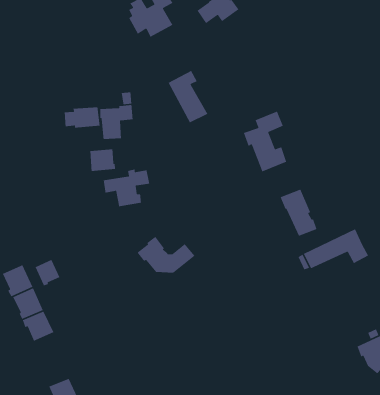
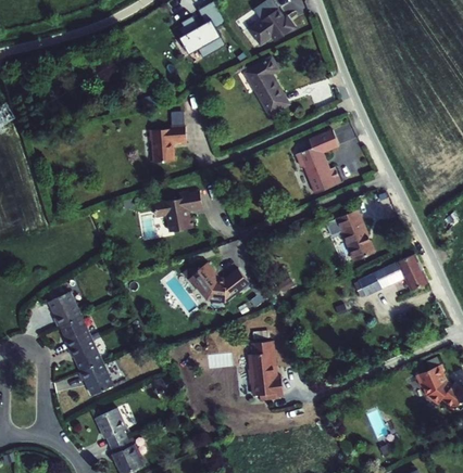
building: [167,70,208,123] -> [247,60,289,115]
building: [64,107,101,128] -> none
building: [89,149,116,172] -> none
building: [34,259,60,287] -> none
building: none -> [248,341,283,400]
building: none -> [79,361,113,395]

